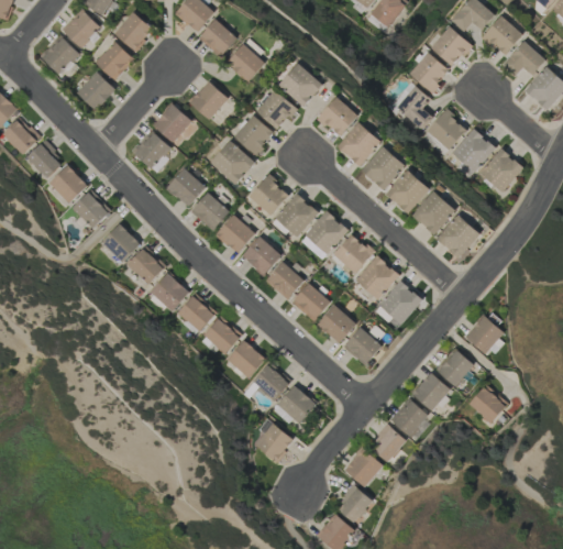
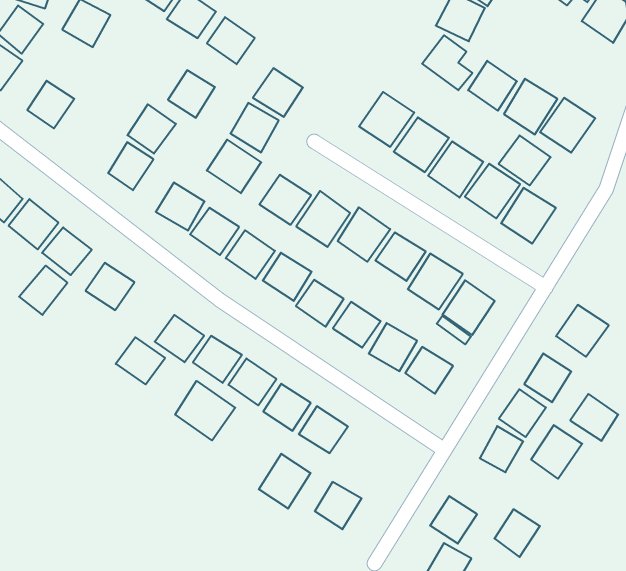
building: [95,42,134,80] -> none
building: [279,63,323,107] -> none
building: [318,97,358,138] -> none
building: none -> [499,135,551,185]
building: none -> [19,266,67,315]
building: [126,246,166,285] -> [116,337,165,384]
building: none -> [175,381,235,440]
building: [273,385,316,429] -> [259,454,311,509]
building: none -> [531,425,582,479]
building: [368,425,406,463] -> [494,509,540,557]

